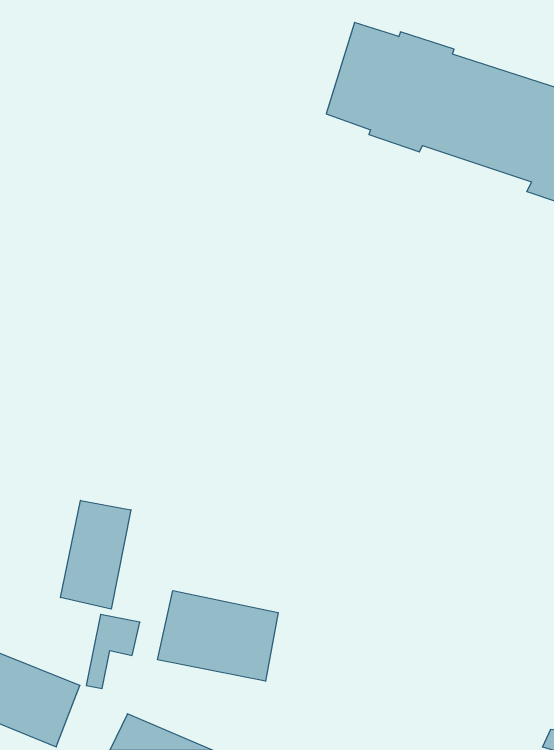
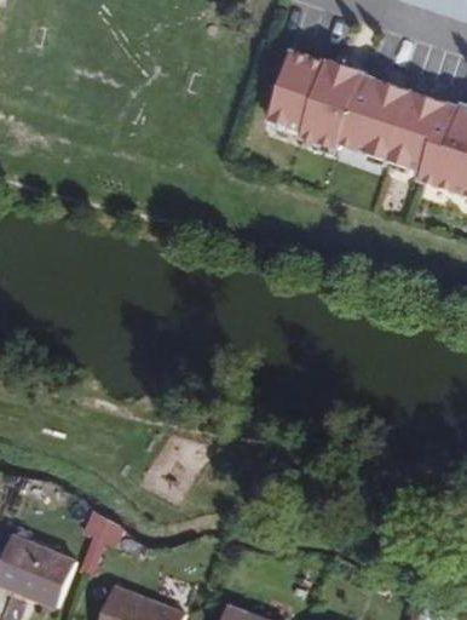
building: [61,500,131,609] -> none
building: [158,591,278,681] -> none

